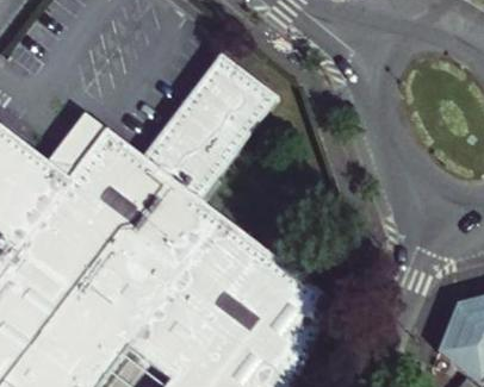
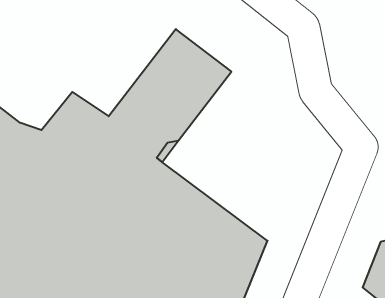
building: [51,113,110,174] -> none

